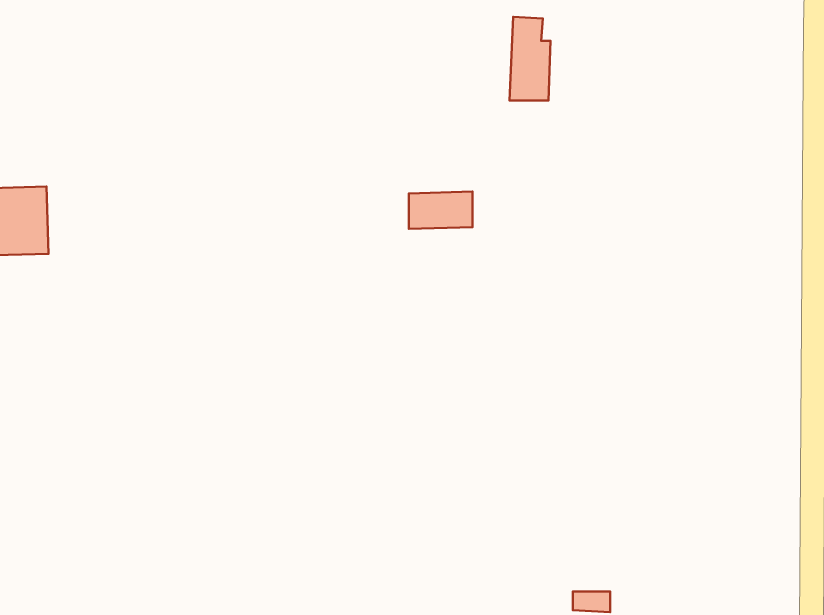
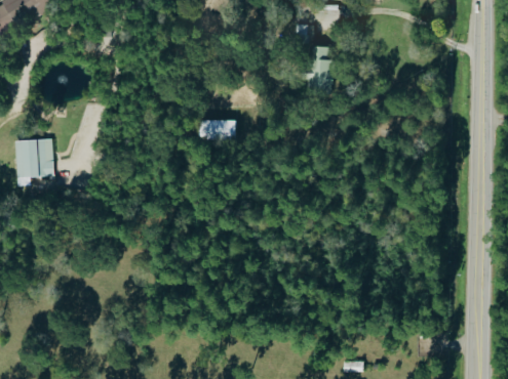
building: [409,192,472,229] -> [200,120,235,140]

